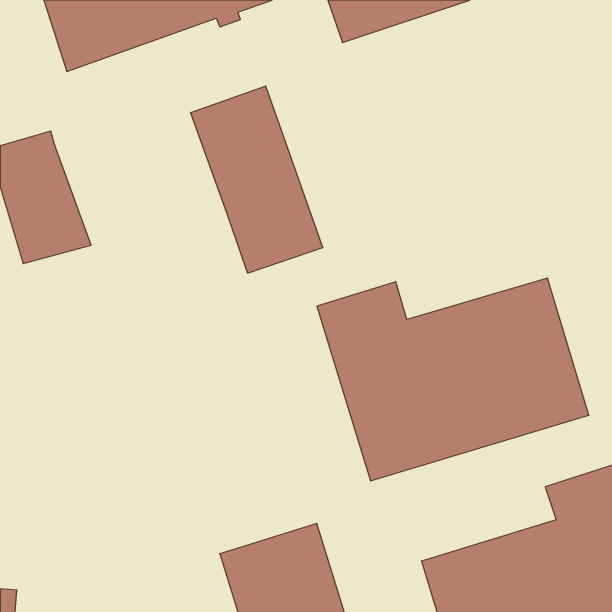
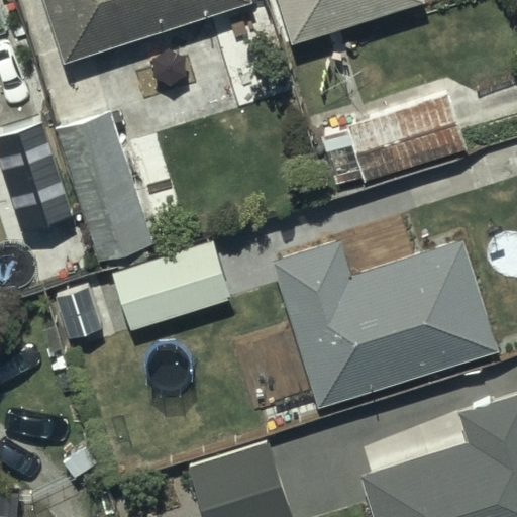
building: [190,86,323,273] -> [53,105,163,261]
building: none -> [321,94,462,189]
building: none -> [113,241,230,329]

